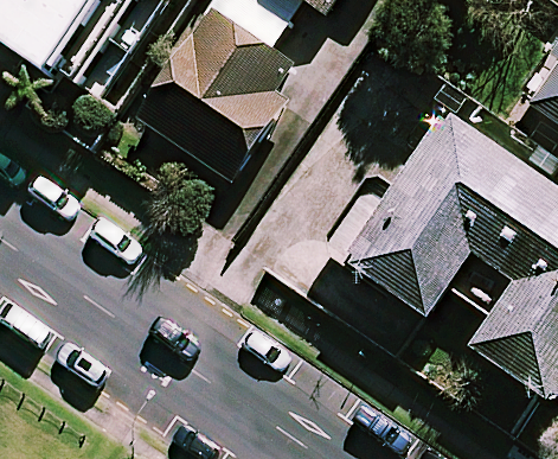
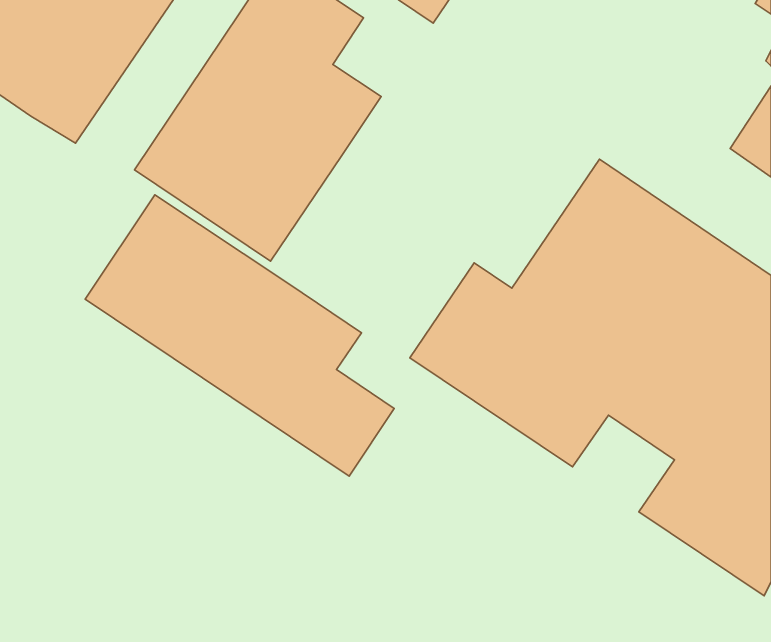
building: none -> [85,195,394,476]

